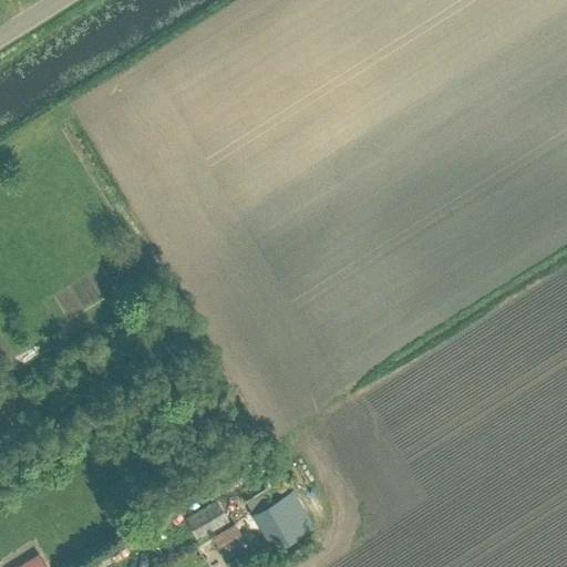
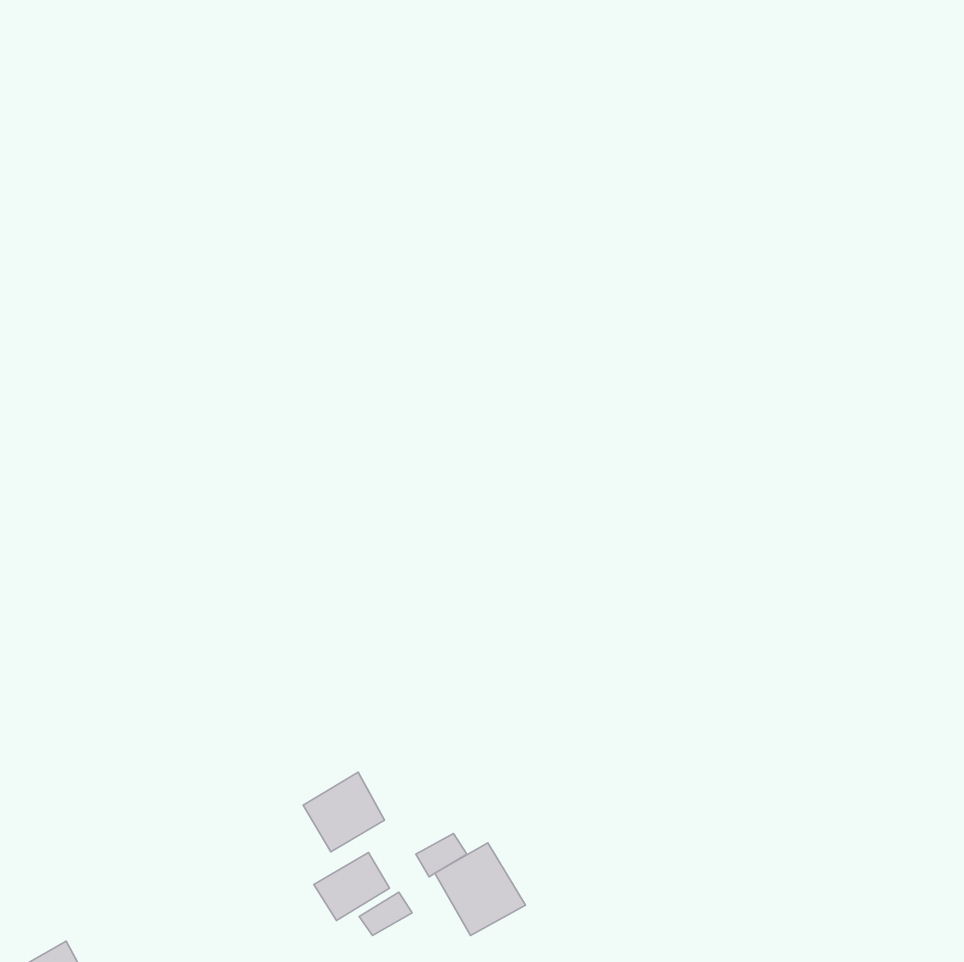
building: none -> [303,772,385,852]

